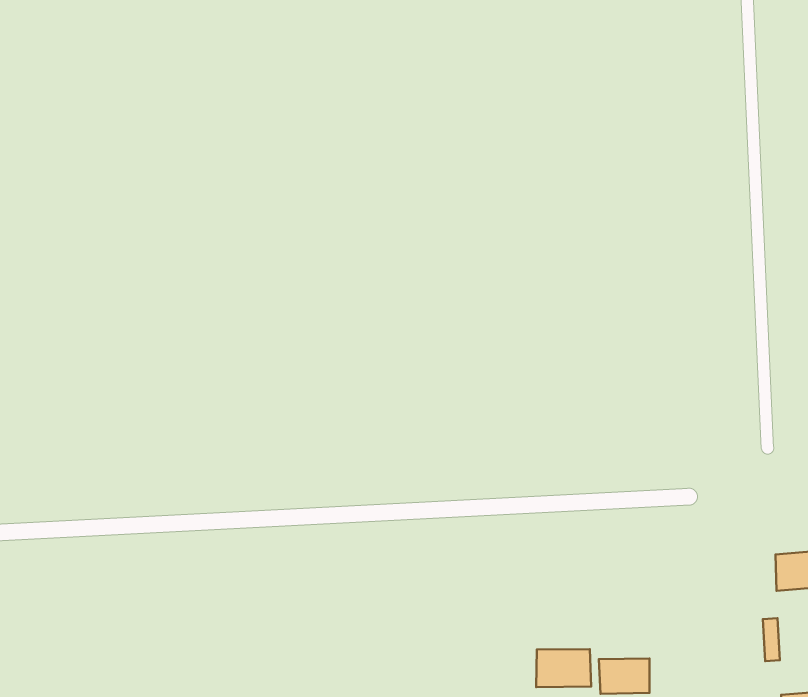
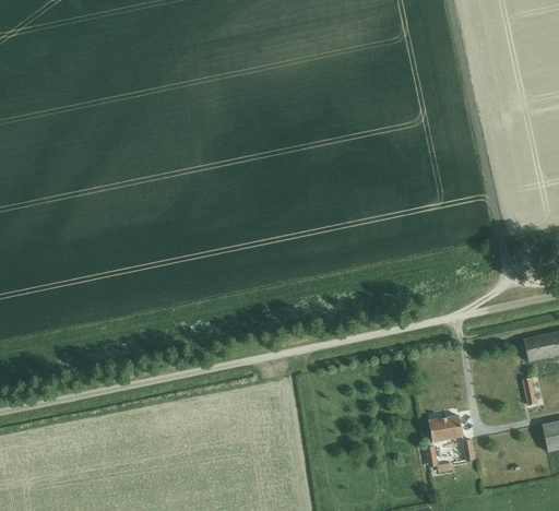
building: [536,649,591,687] -> none

